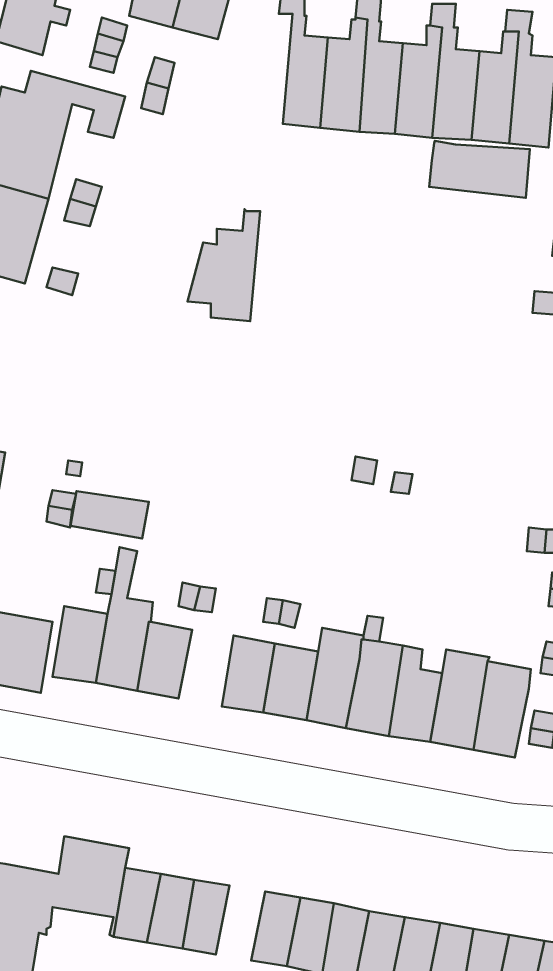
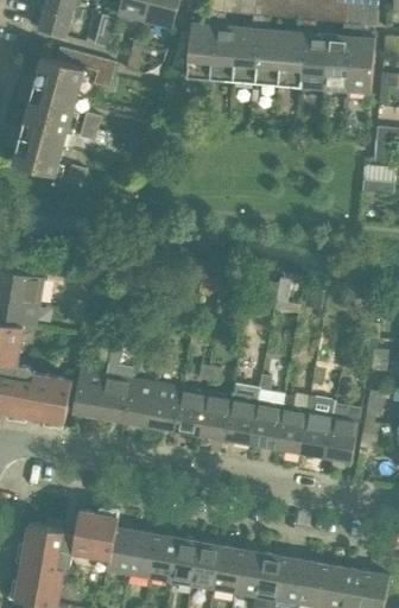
building: [429,141,530,198] -> none
building: [187,209,260,321] -> [172,12,216,80]
building: [71,491,149,538] -> none
building: none -> [147,385,180,431]
building: none -> [170,539,200,584]

